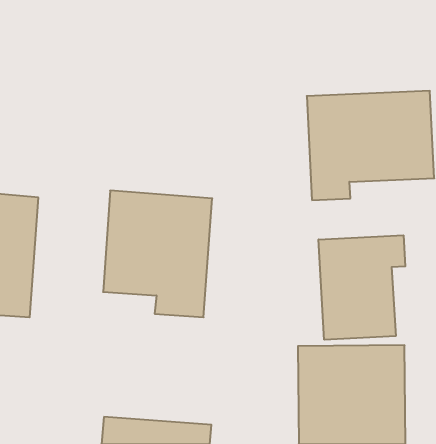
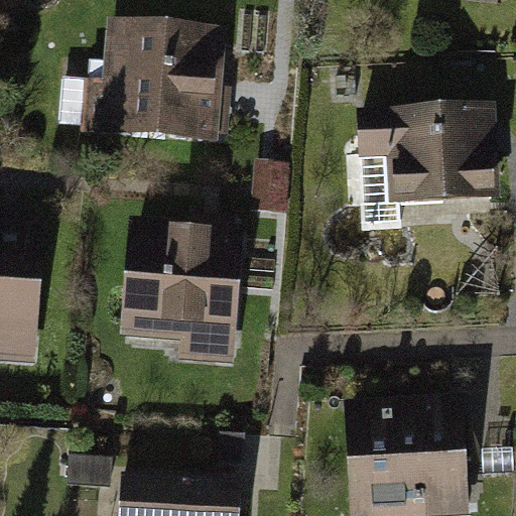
building: none -> [72,23,225,150]
building: [319,235,405,340] -> none

